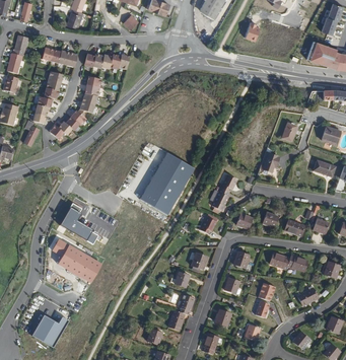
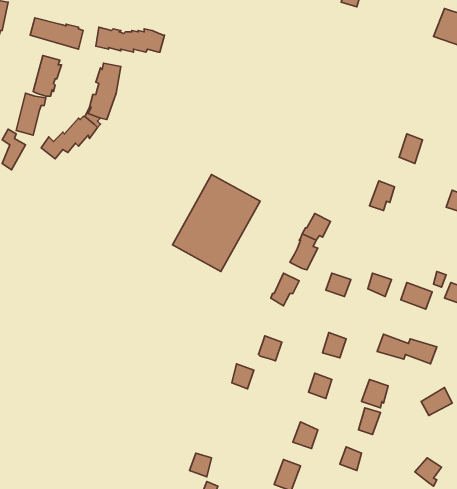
building: [60,207,91,239] -> none
building: [52,238,102,283] -> none
building: [167,295,193,331] -> none
building: [31,314,67,346] -> none

